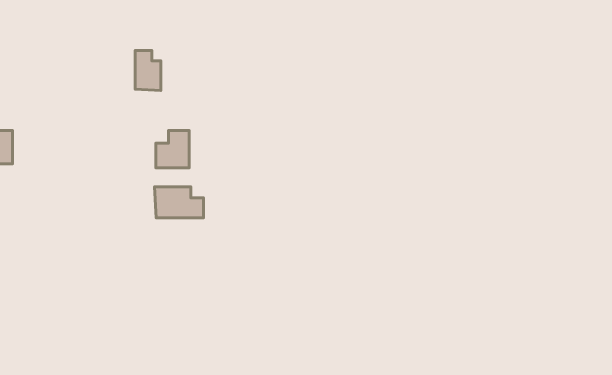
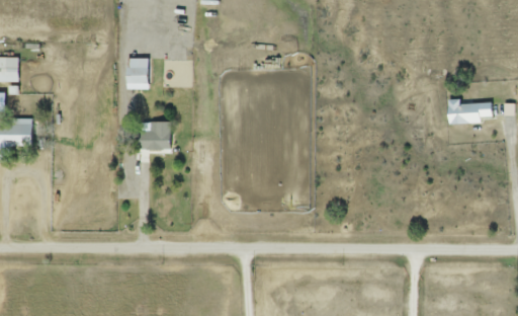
building: none -> [448,99,491,124]
building: [155,187,204,218] -> none

